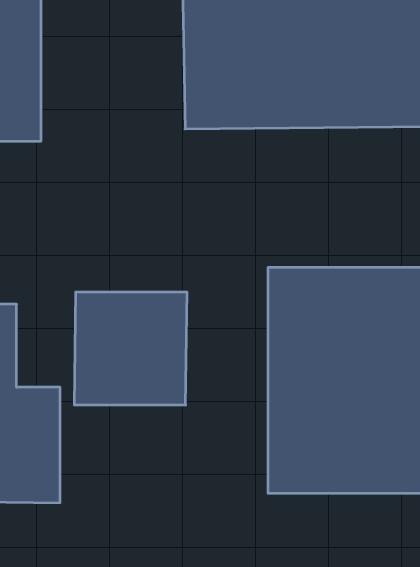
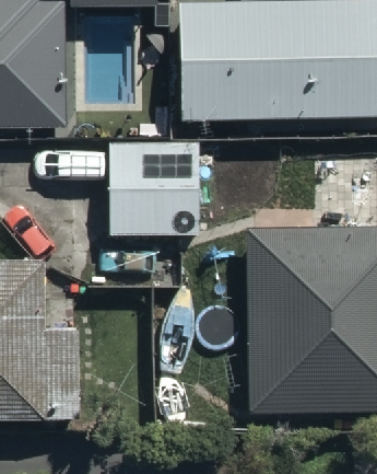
building: [74,292,187,405] -> [108,143,199,234]

